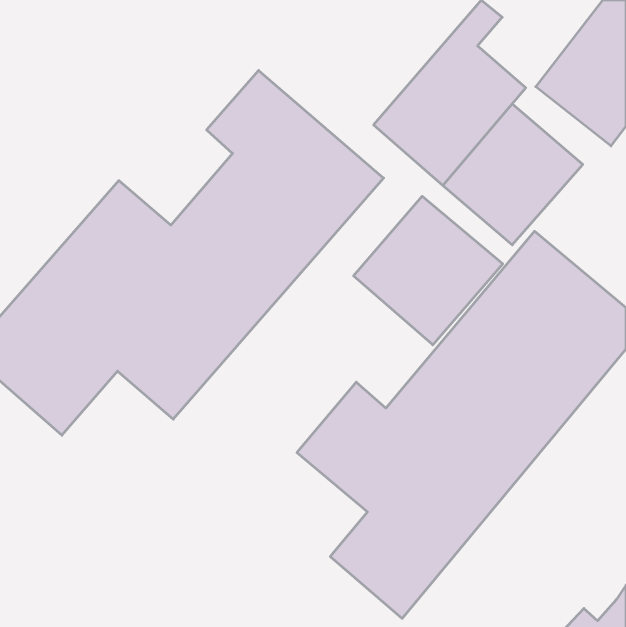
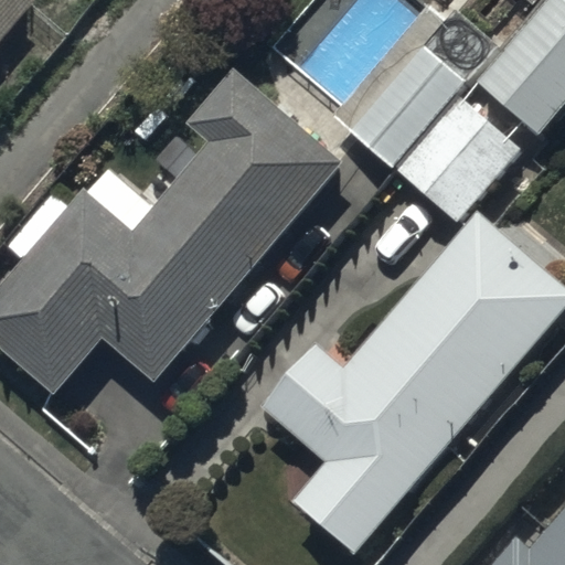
building: [354,196,503,345] -> none

